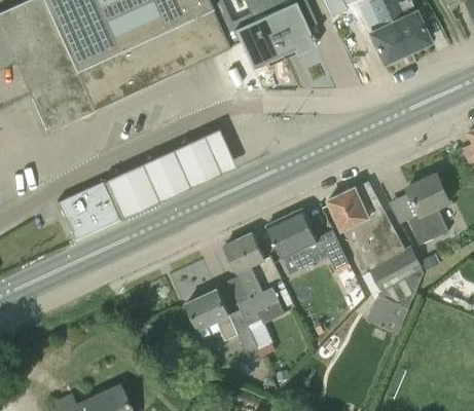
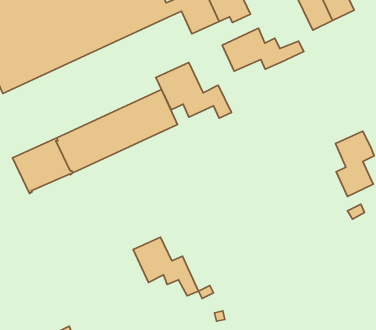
building: none -> [222,28,304,71]
building: [328,181,424,334] -> none
building: [266,209,349,269] -> [156,62,231,118]
building: [224,232,280,325] -> none

